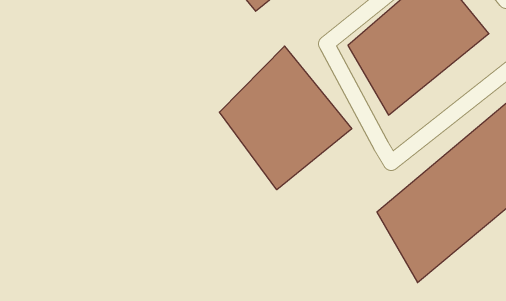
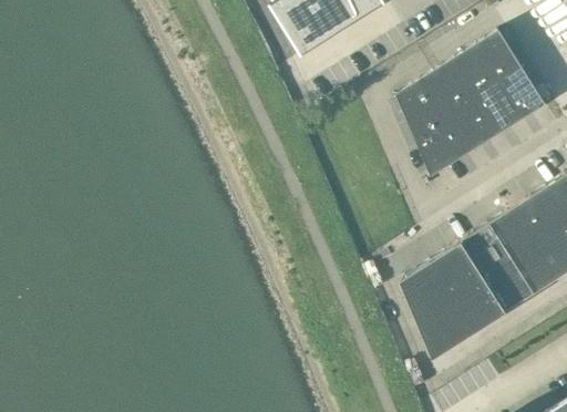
building: [219,46,352,190] -> none

